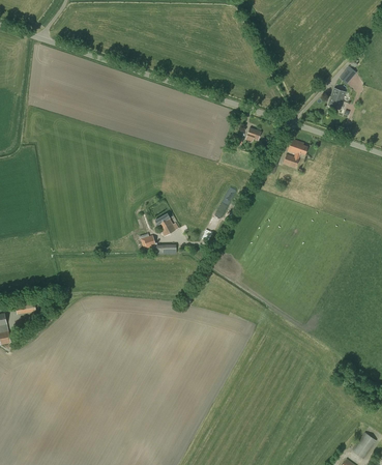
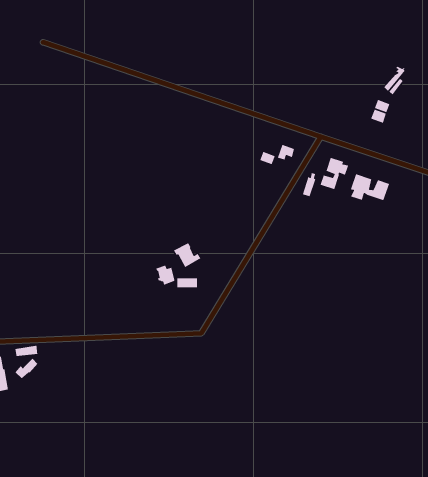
building: none -> [350,173,390,201]

